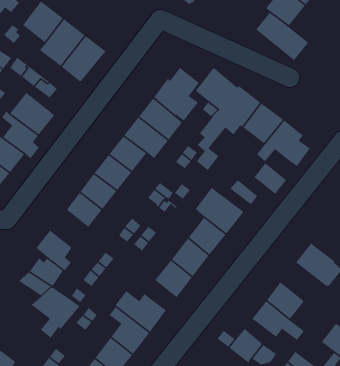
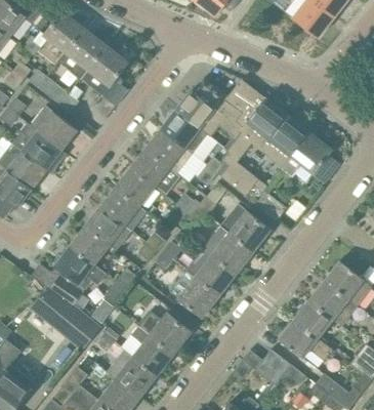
building: [255,12,309,61] -> none
building: [253,162,287,195] -> [233,171,267,205]
building: none -> [70,227,110,265]
building: none -> [307,281,356,326]

